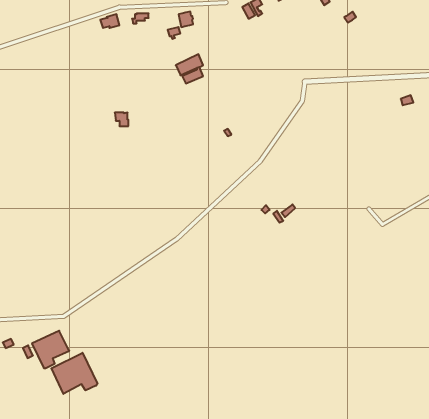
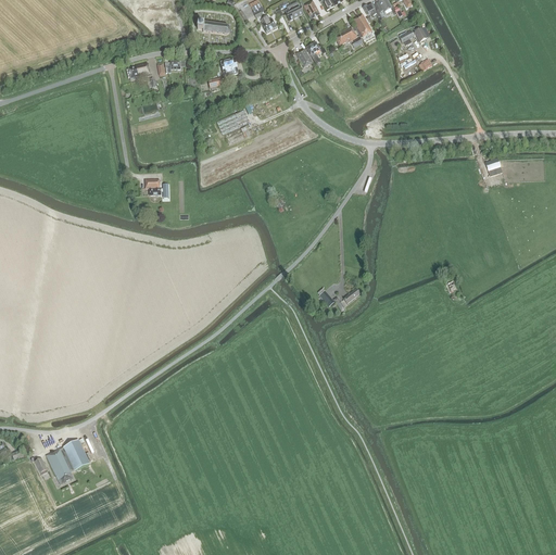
building: [51,353,97,394] -> none

